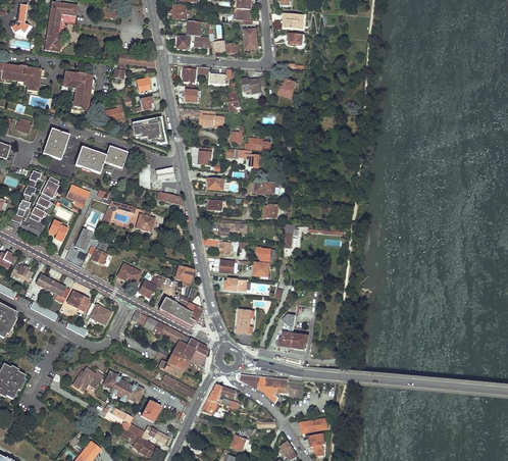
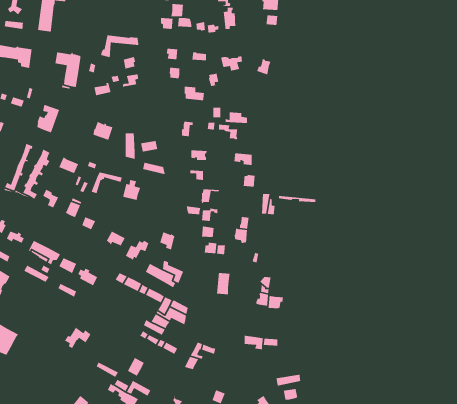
building: [132,118,165,143] -> none
building: [74,148,105,173] -> none
building: [102,371,143,403] -> none
building: [240,374,278,399] -> none

